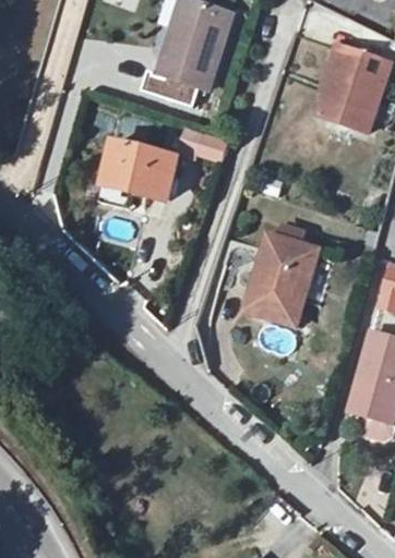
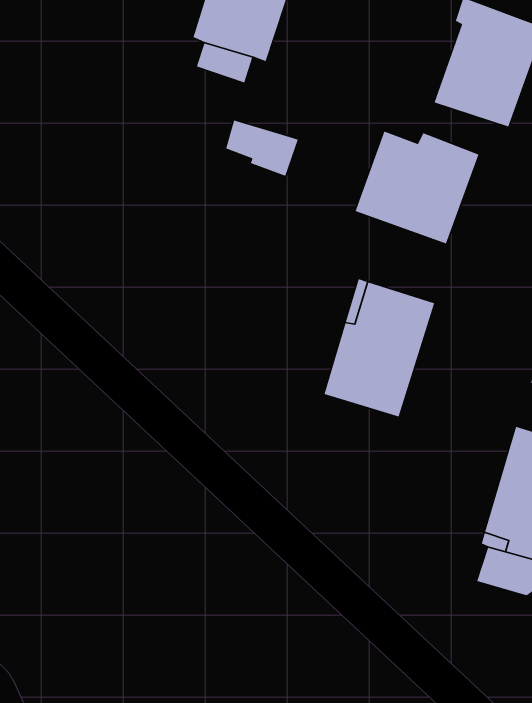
building: none -> [355,130,480,244]
building: [103,140,178,196] -> none

